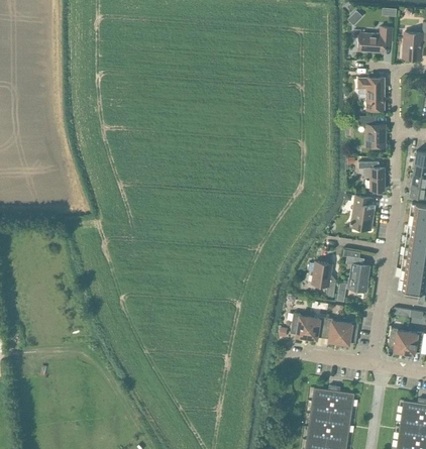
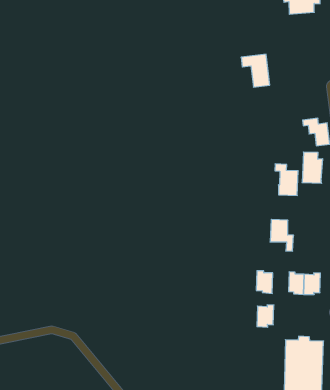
building: [358,78,385,110] -> [241,54,270,87]
building: [360,117,386,147] -> none
building: [346,256,370,292] -> [275,164,298,195]
building: [307,317,327,340] -> [257,305,274,327]

